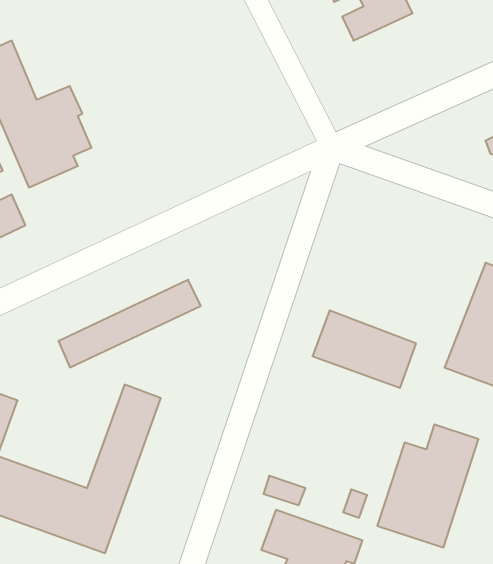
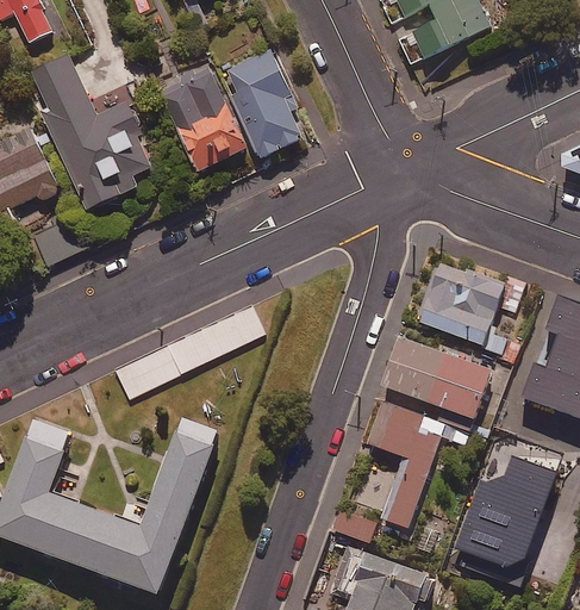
building: none -> [225,51,301,158]
building: none -> [155,62,245,172]
building: none -> [417,263,525,367]
building: none -> [366,403,464,528]

